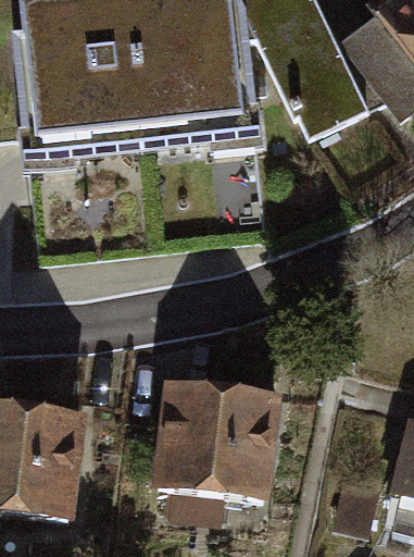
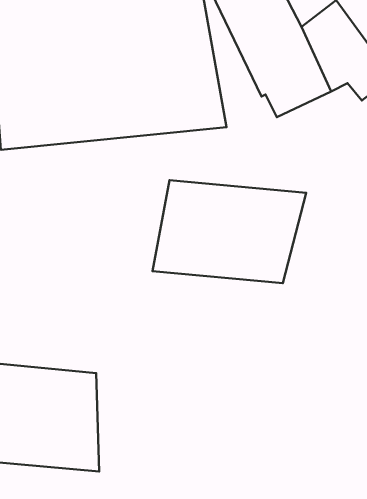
building: none -> [152,180,306,283]
building: [177,380,306,496] -> none

